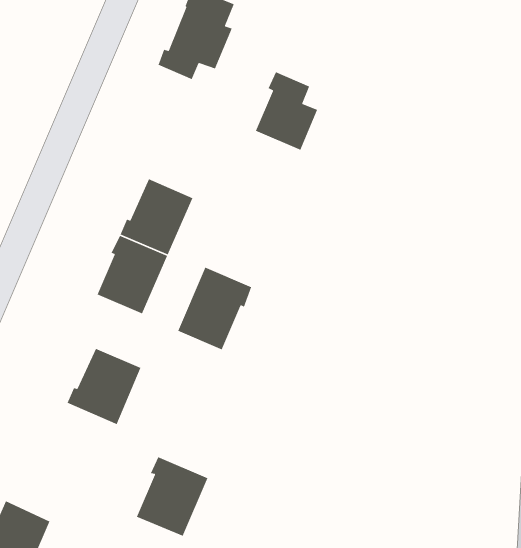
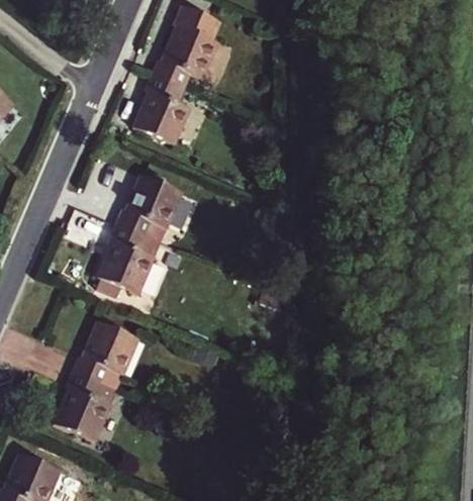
building: [255,71,318,151] -> [134,74,190,143]
building: [177,266,252,351] -> none
building: [136,456,209,537] -> [54,370,117,440]

